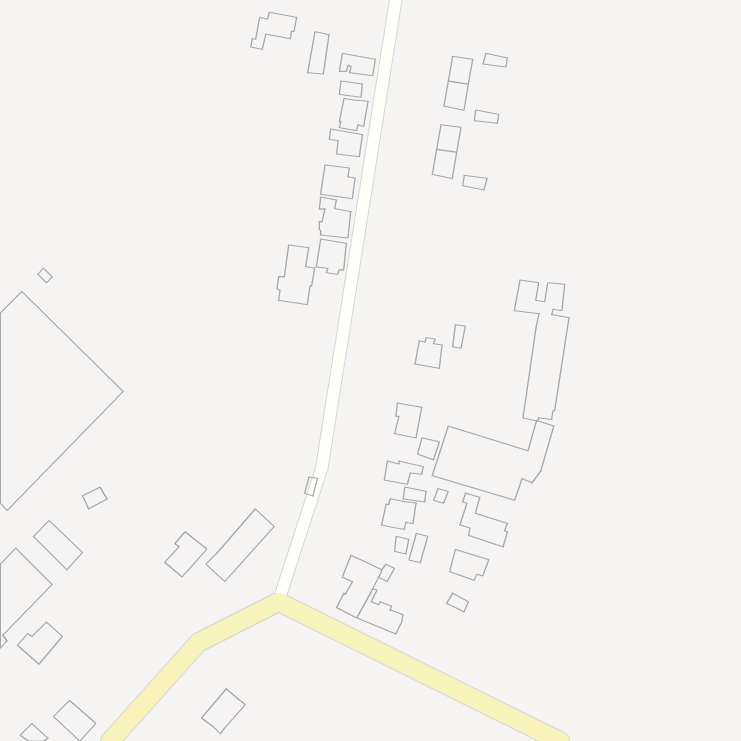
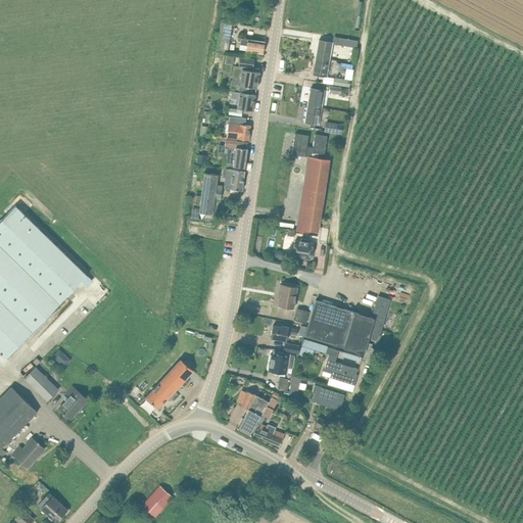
building: [251,12,297,50] -> none
building: [514,280,569,421] -> [291,133,330,232]
building: [165,532,207,577] -> [58,387,88,419]

